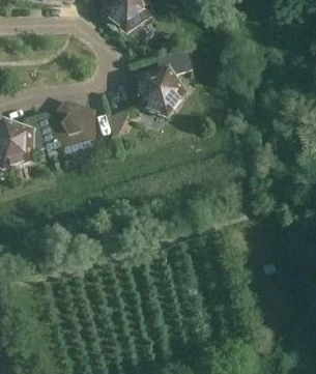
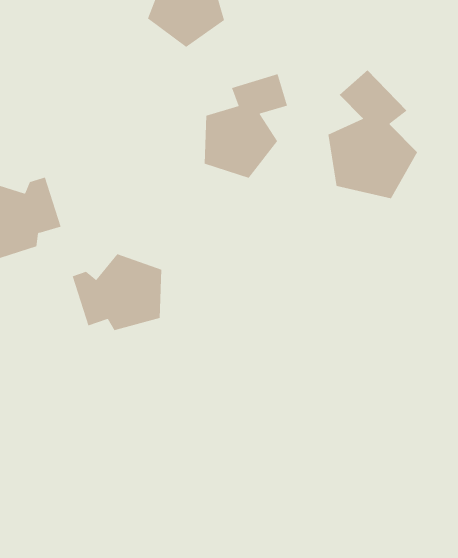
building: none -> [328,70,418,199]
building: [36,100,94,150] -> [72,253,162,331]

